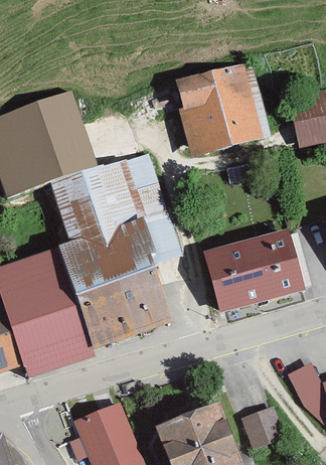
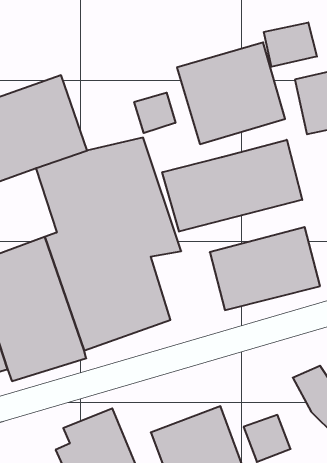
building: none -> [264,22,317,67]
building: none -> [134,93,175,133]
building: none -> [162,140,302,232]

